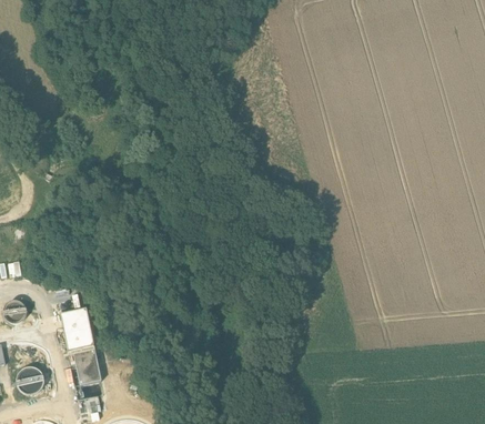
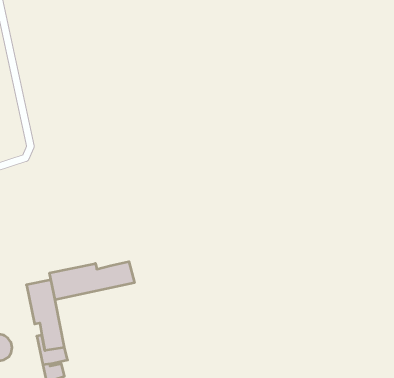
building: none -> [50,262,134,300]

